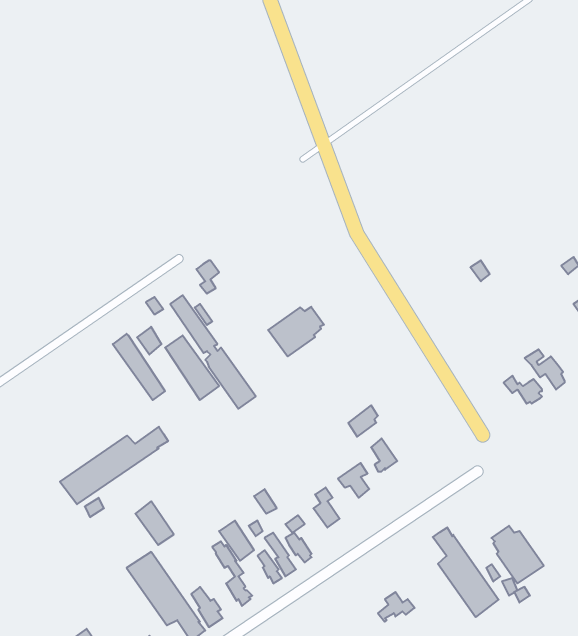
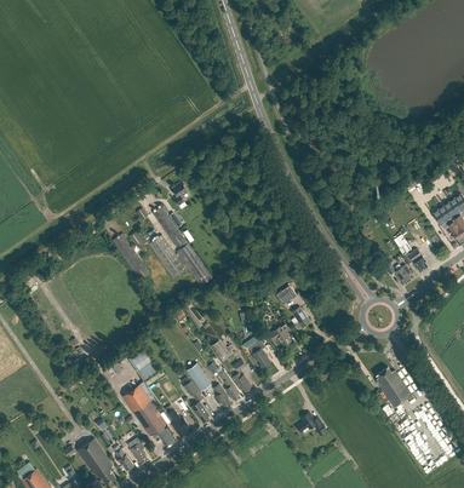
building: [268,307,324,356] -> none
building: [60,427,168,504] -> none
building: [433,527,499,617] -> none

